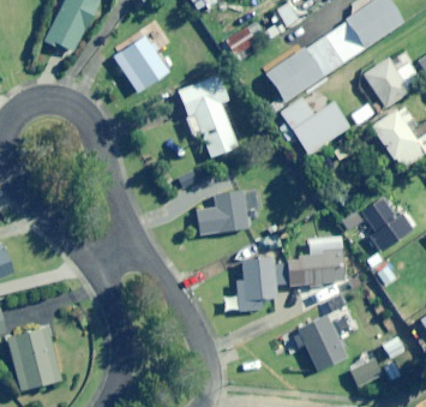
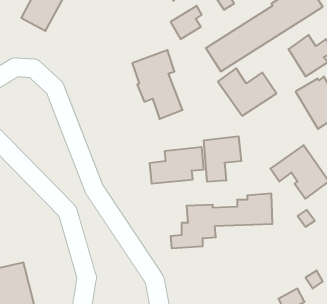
building: [114,35,169,92] -> none
building: none -> [204,136,241,182]
building: [299,312,353,371] -> none

